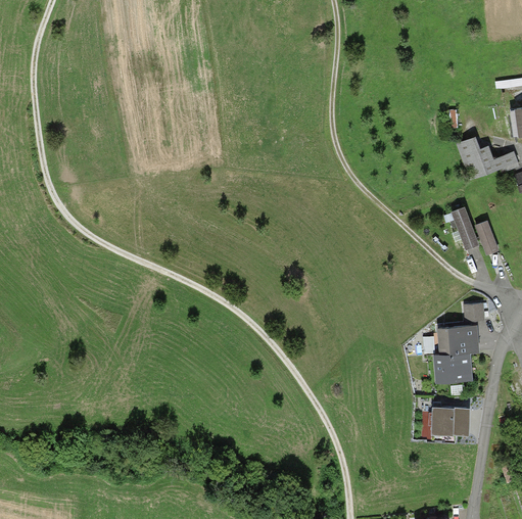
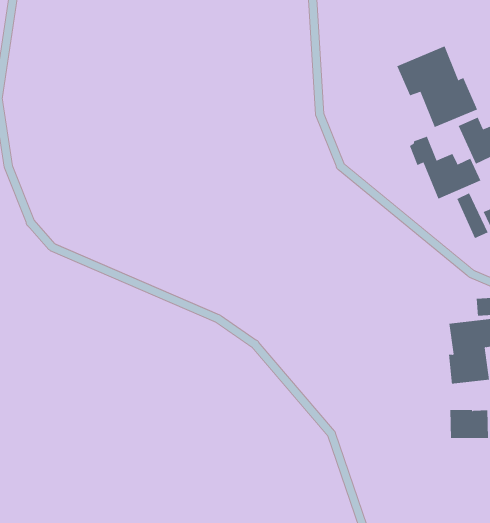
building: none -> [397,45,478,128]
building: none -> [409,136,481,200]

